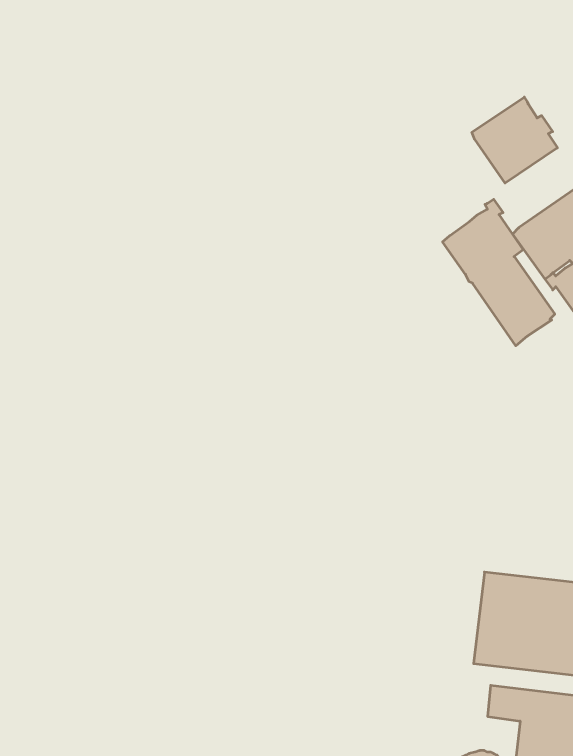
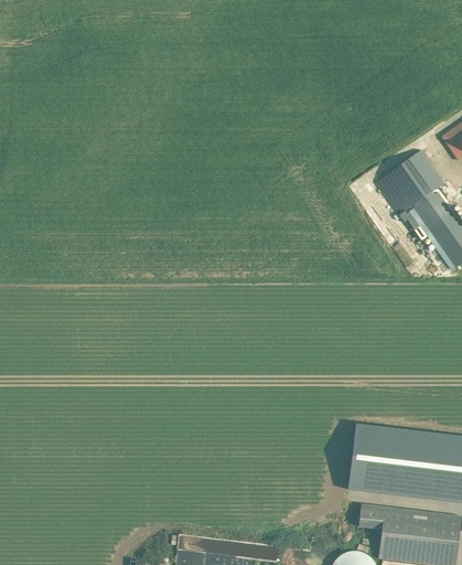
building: [472,97,557,183] -> none
building: [443,199,555,346] -> none

